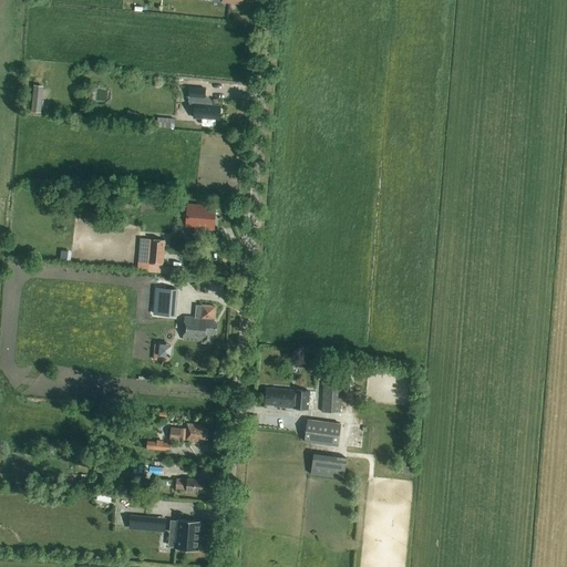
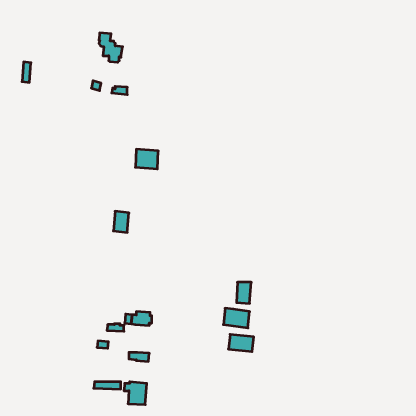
building: [187,86,219,126] -> [99,33,123,62]
building: [136,239,164,264] -> none
building: [182,305,215,343] -> none
building: [264,388,309,409] -> none

